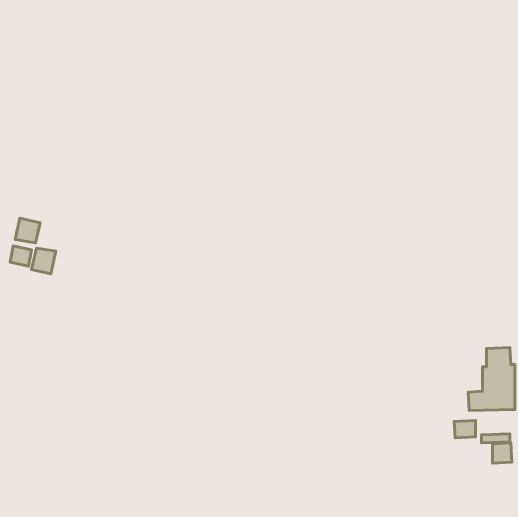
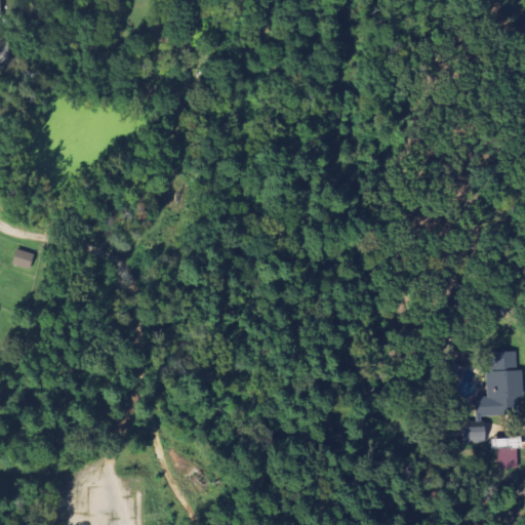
building: [15,218,40,243] -> none
building: [32,248,56,274] -> none

